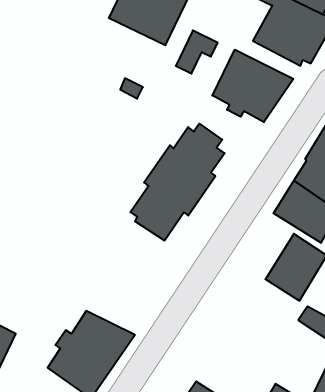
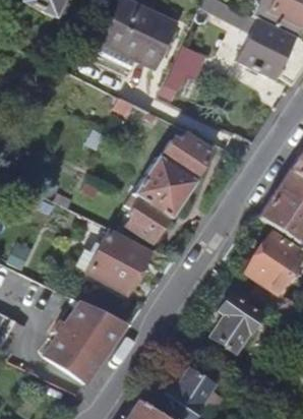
building: [212,50,293,122] -> none
building: none -> [87,231,152,293]
building: none -> [208,289,259,353]

